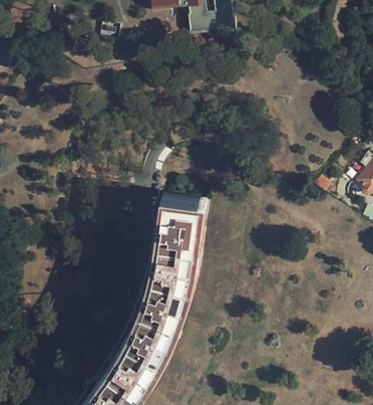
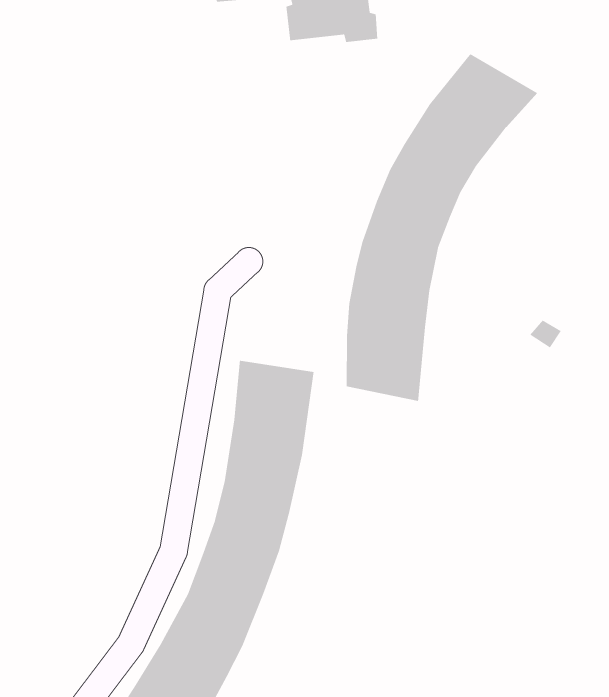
building: none -> [346,53,538,402]

